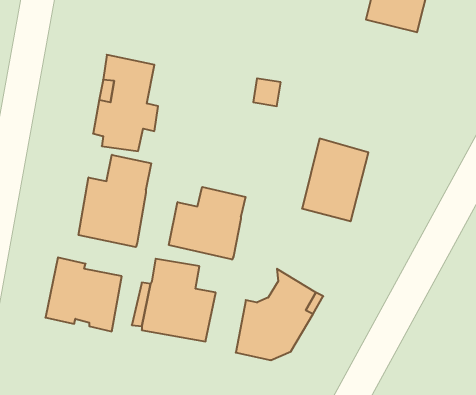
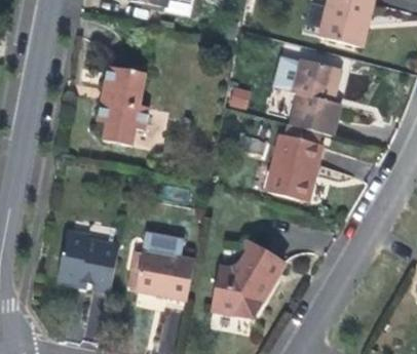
building: none -> [291,57,341,134]
building: [79,155,151,247] -> none
building: [169,187,246,260] -> none

